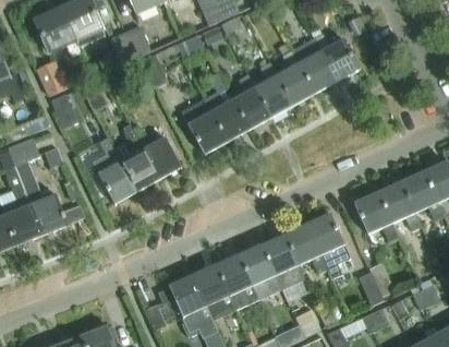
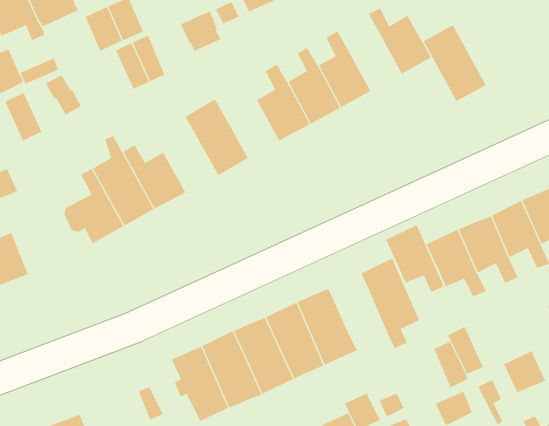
building: [291,36,337,92] -> [423,24,487,102]
building: [203,71,248,140] -> none
building: [284,223,327,272] -> [385,224,444,293]

